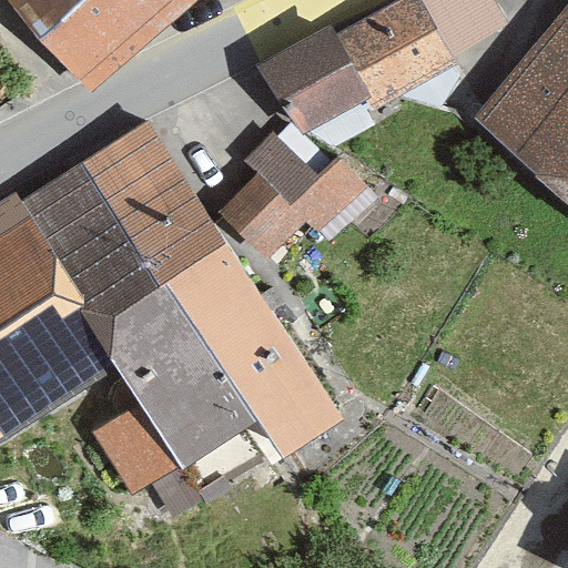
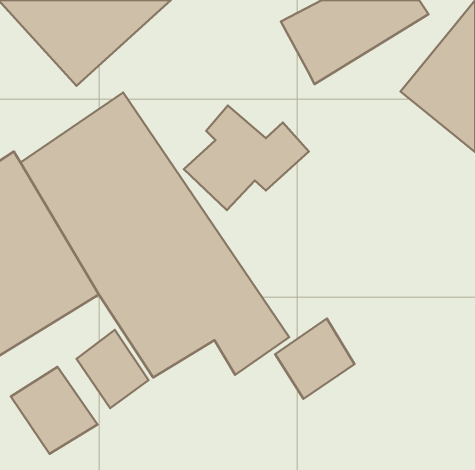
building: [256,23,366,133] -> none
building: none -> [275,319,355,399]
building: none -> [11,367,97,454]

